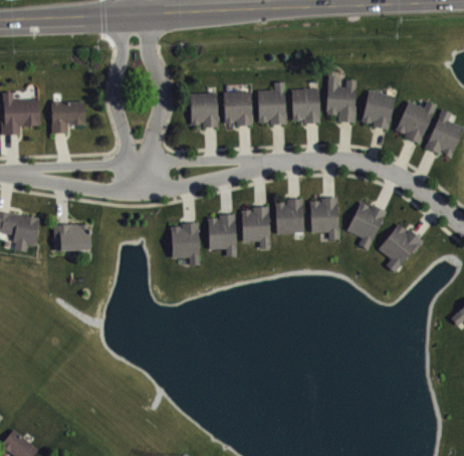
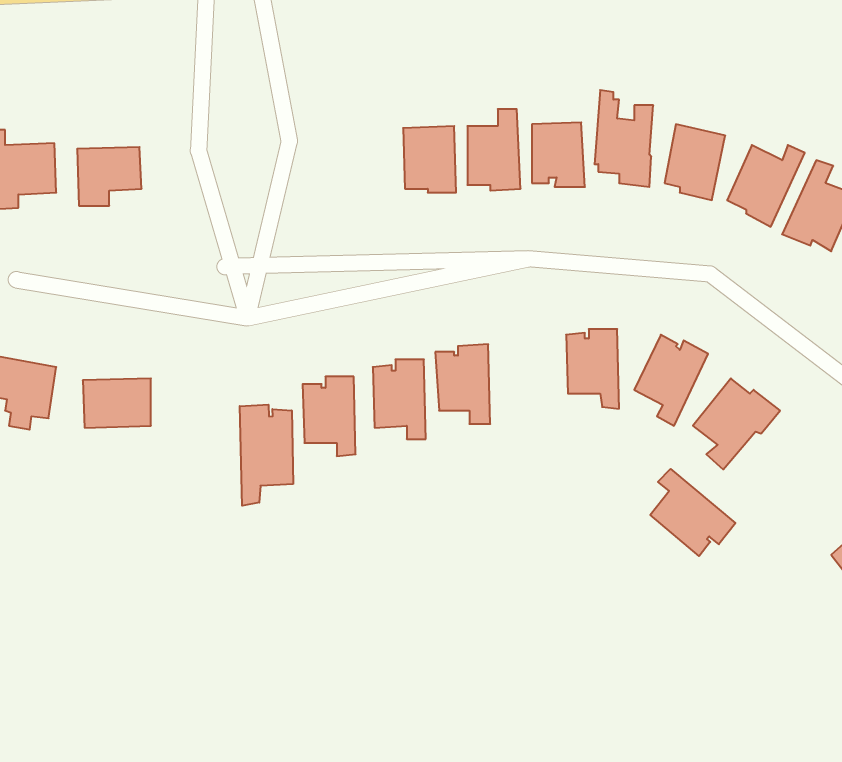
building: [189,92,218,127] -> none
building: [275,199,303,233] -> none
building: none -> [240,405,293,506]
building: none -> [650,469,735,556]

